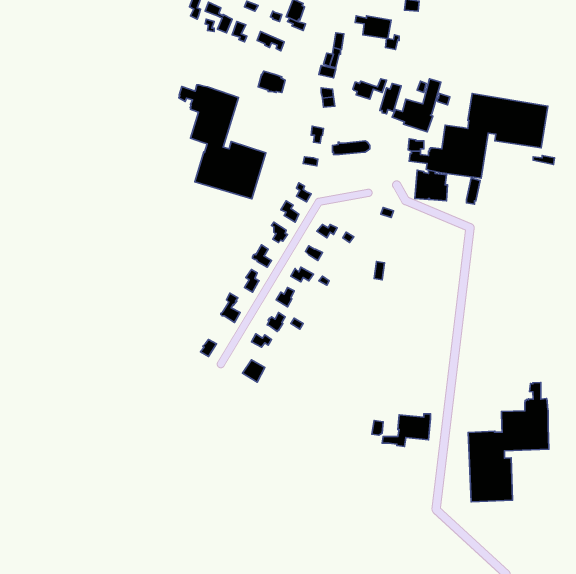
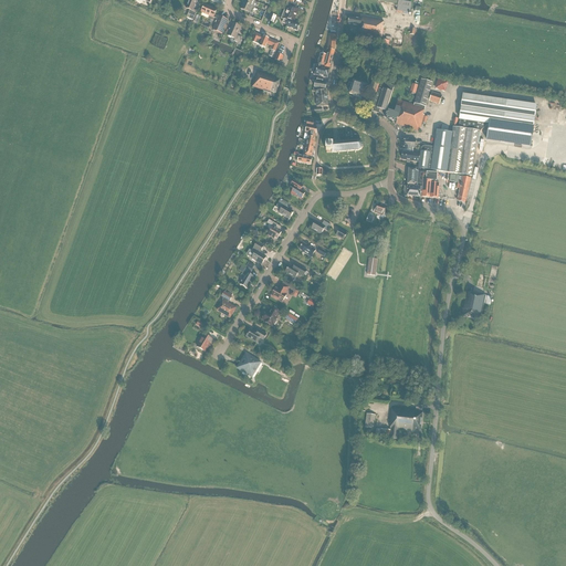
building: [179,85,266,199] -> none
building: none -> [462,290,485,318]
building: [468,383,549,502] -> none

